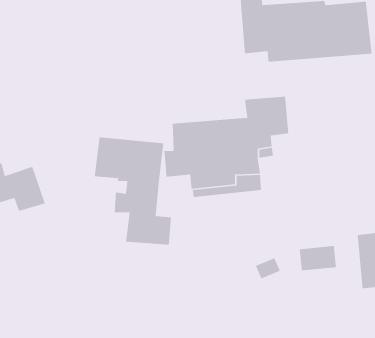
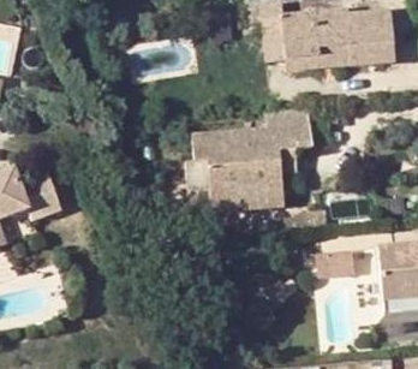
building: [94,136,172,246] -> none

